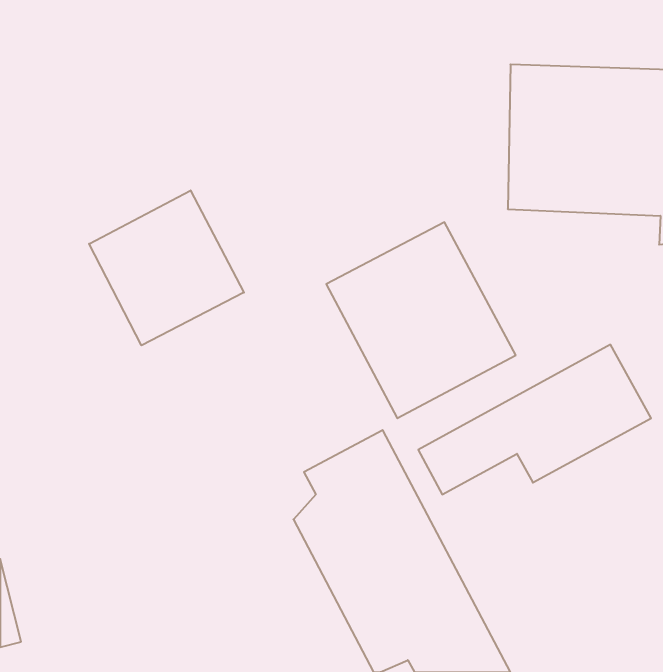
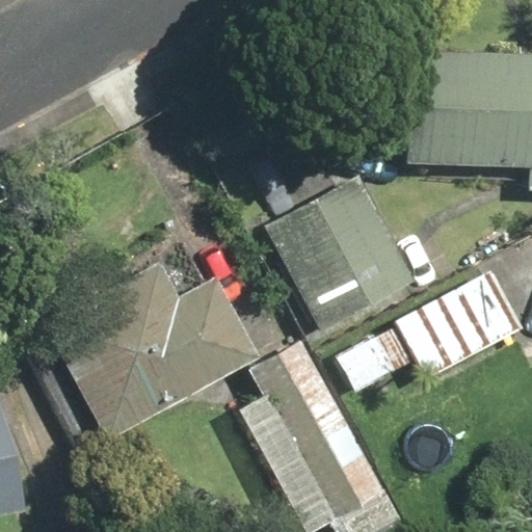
building: [89,190,244,345] -> none
building: none -> [55,263,258,436]

